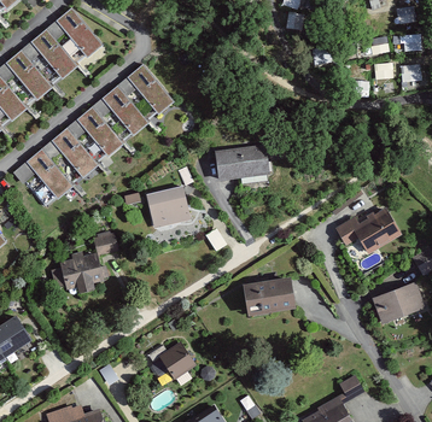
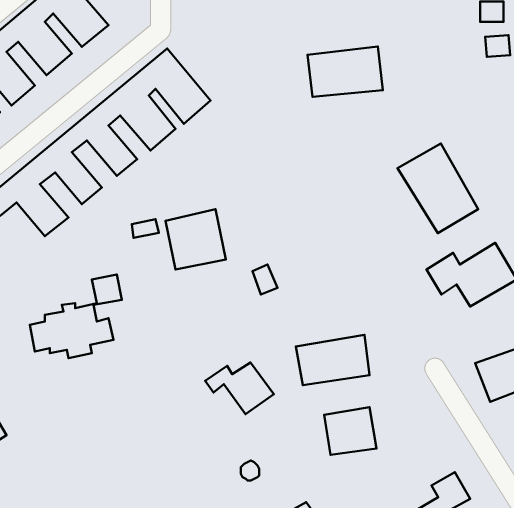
building: none -> [398,144,478,233]
building: [211,137,265,174] -> [307,46,383,97]
building: none -> [324,407,377,455]
building: [145,338,194,375] -> [205,362,274,414]

